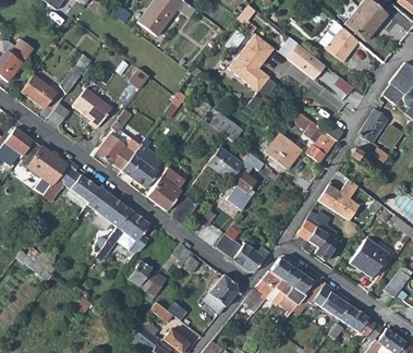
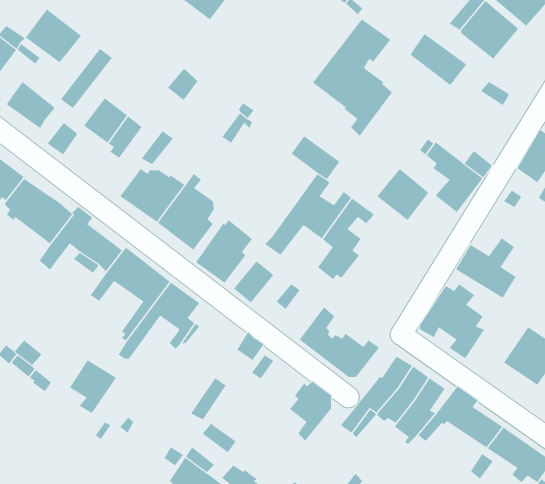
building: none -> [25,8,82,63]
building: [127,260,159,296] -> [69,360,117,414]

